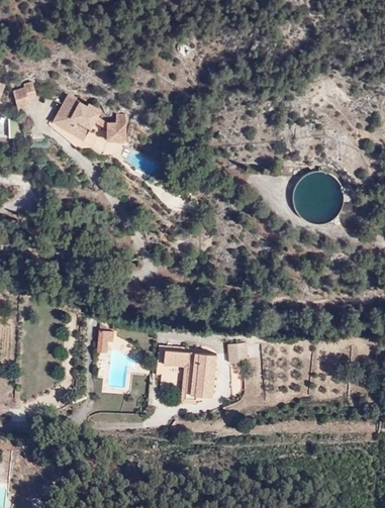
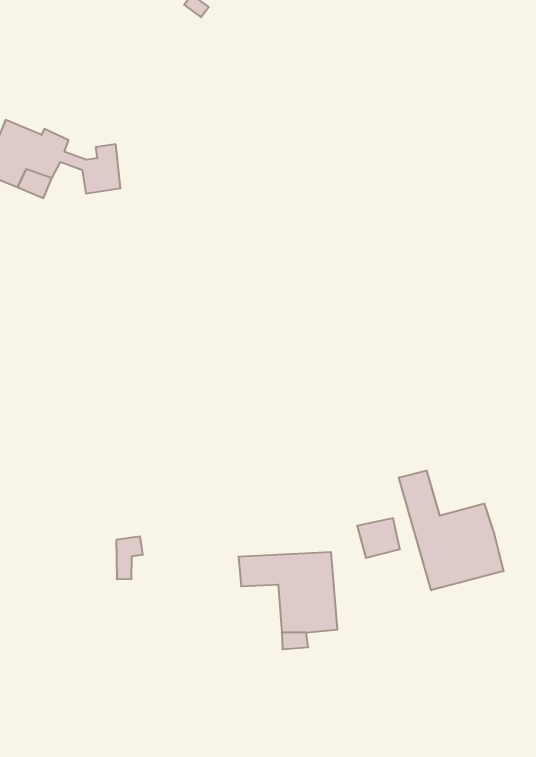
building: none -> [399,470,504,590]

